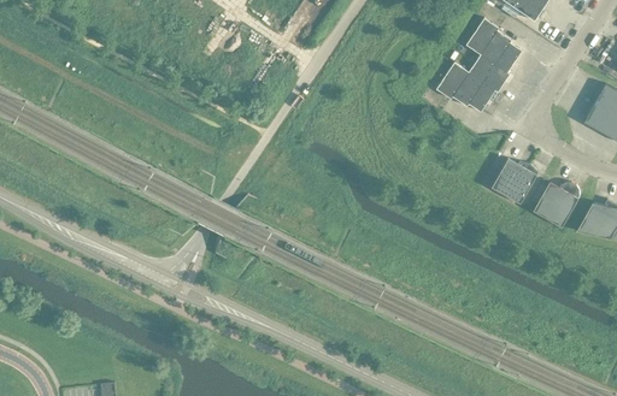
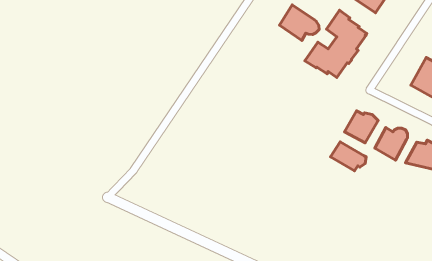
building: none -> [279,5,319,40]
building: none -> [331,142,366,171]

